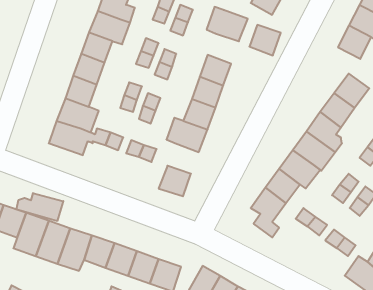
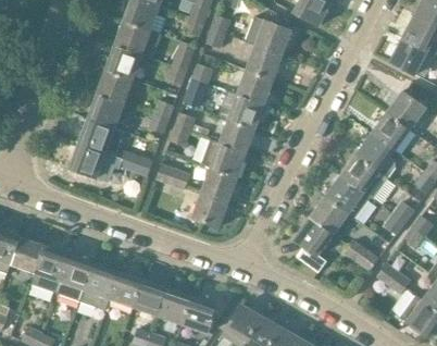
building: [249,25,281,55] -> [246,47,280,81]
building: none -> [201,169,236,202]
building: [16,193,63,221] -> none

